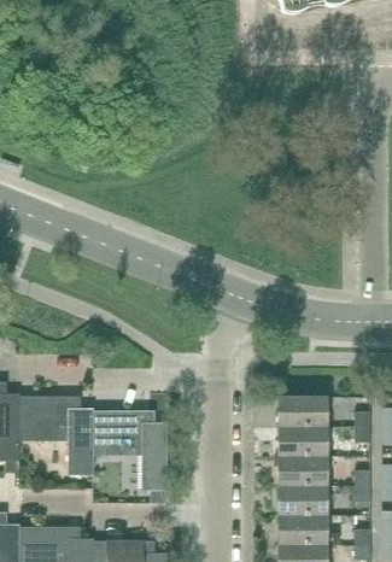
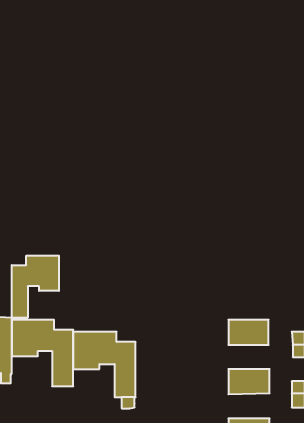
building: none -> [12,256,59,318]
building: [279,427,328,456] -> none
building: [279,485,328,515] -> none

